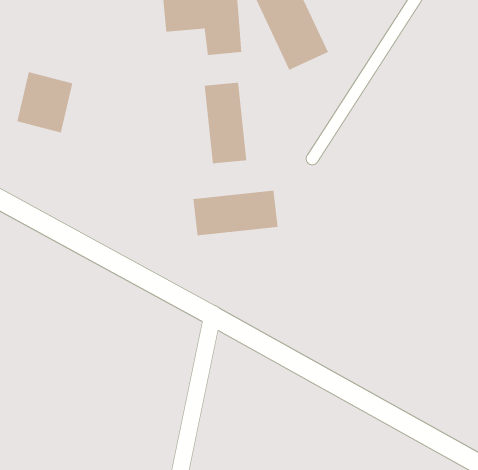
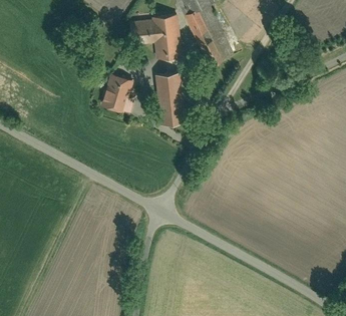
building: [17,72,73,133] -> [104,74,138,111]
building: [193,190,278,236] -> none

